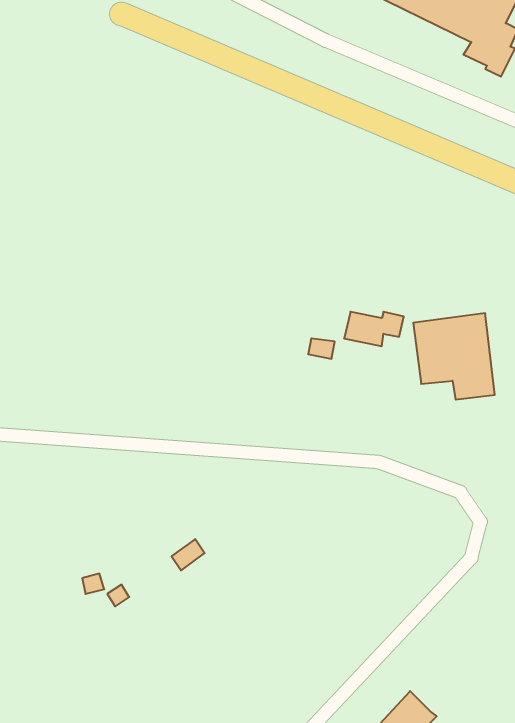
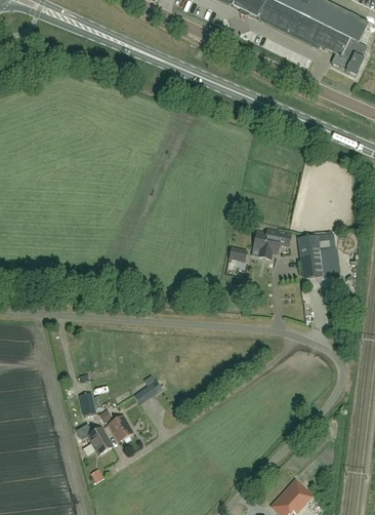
building: none -> [107,413,133,440]
building: none -> [75,423,112,453]

